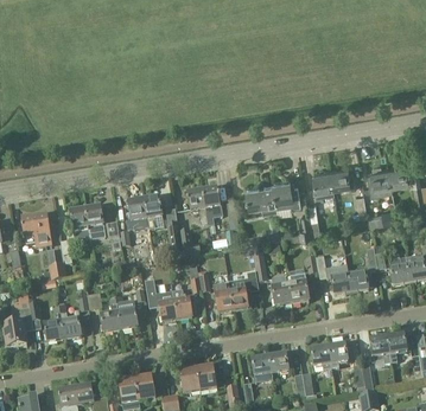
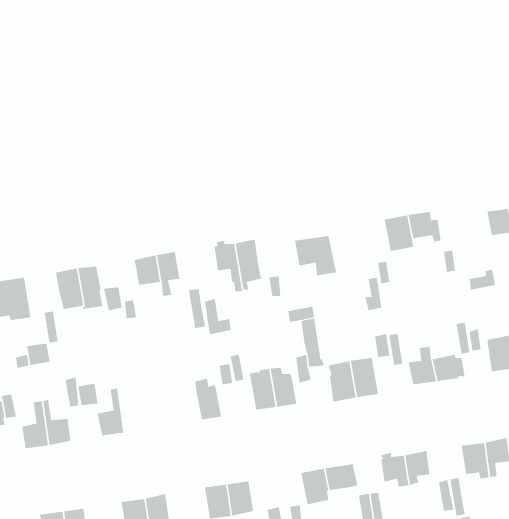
building: [365,165,392,195] -> none
building: [272,180,300,208] -> none
building: [144,281,177,323] -> none
building: [115,297,138,330] -> none

